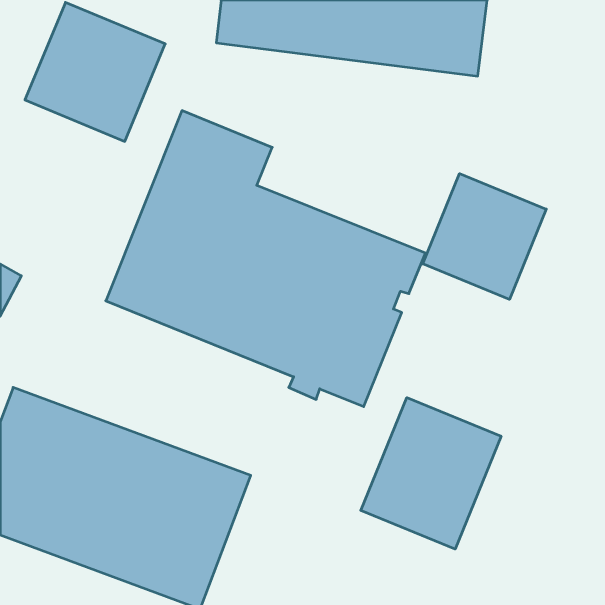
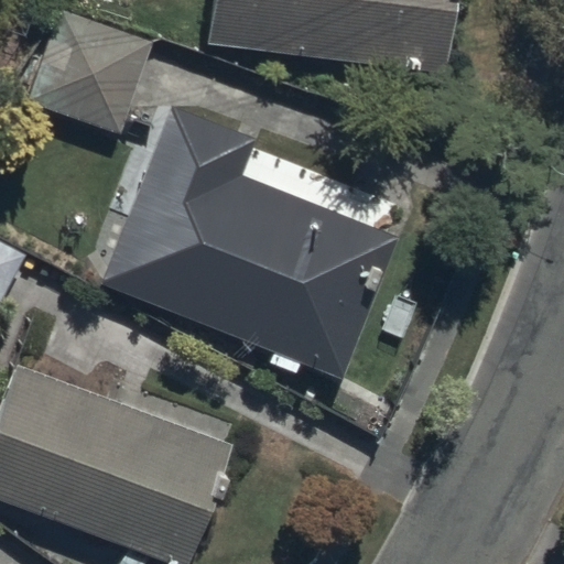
building: [423,174,546,299] -> none
building: [361,398,501,549] -> none

